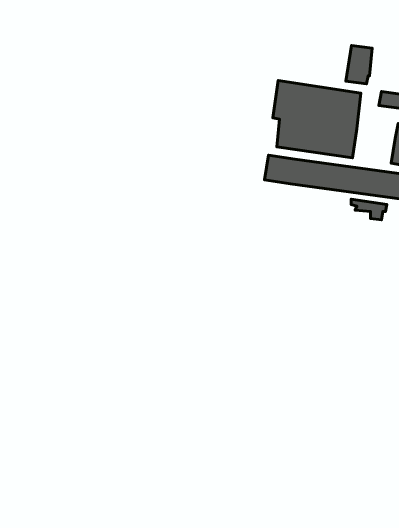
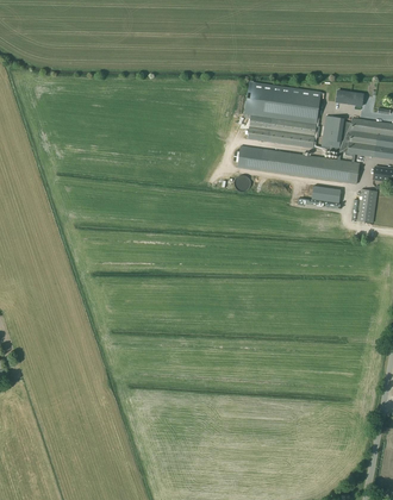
building: [346,45,372,84] -> [322,117,344,150]

